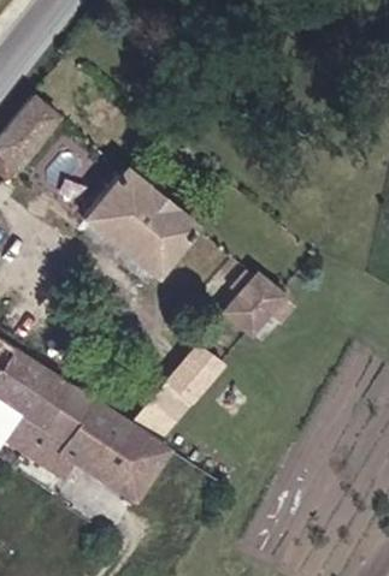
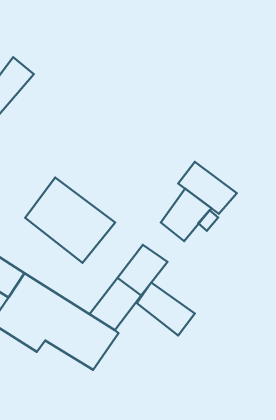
building: [78,166,194,275] -> [25,177,115,263]
building: none -> [178,162,237,214]
building: none -> [137,283,195,335]

